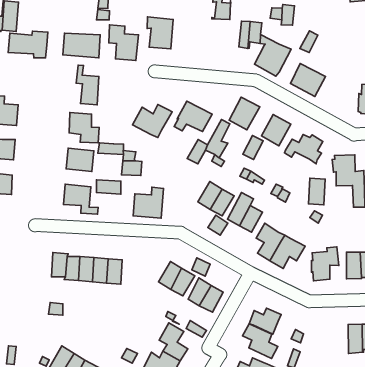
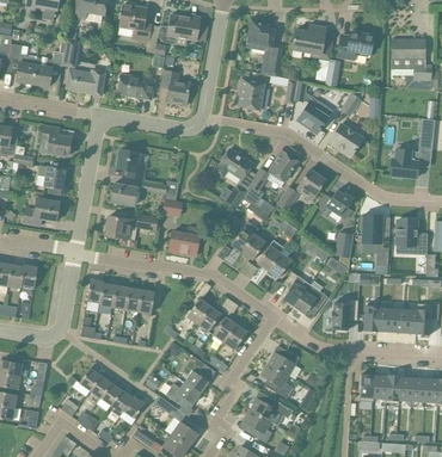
building: [147,17,173,49] -> [239,78,264,110]
building: [76,65,99,105] -> none
building: [133,104,172,138] -> none

